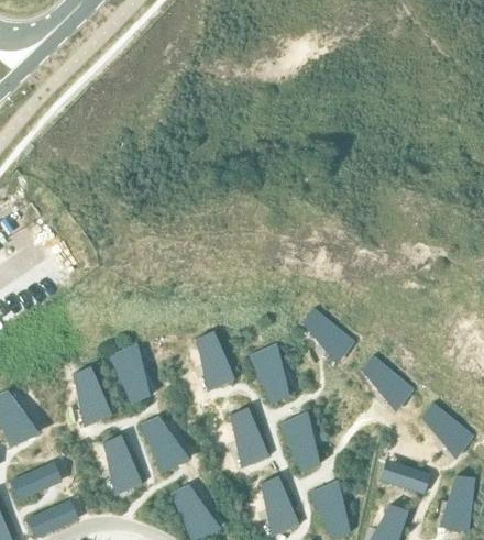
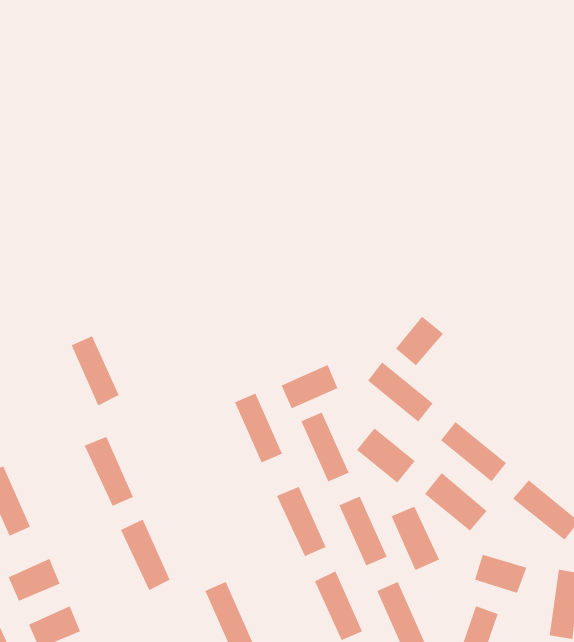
building: none -> [395,316,444,366]
building: none -> [281,364,338,409]
building: [109,349,148,406] -> [71,336,120,406]
building: none -> [356,427,416,484]
building: none -> [424,472,488,532]
building: [139,416,178,474] -> none
building: none -> [391,506,440,571]

